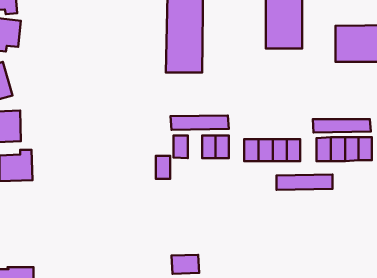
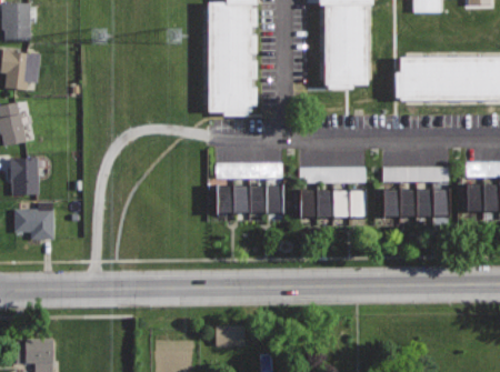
building: [156,156,170,179] -> [233,187,250,213]
building: [276,175,333,190] -> [298,168,363,185]

